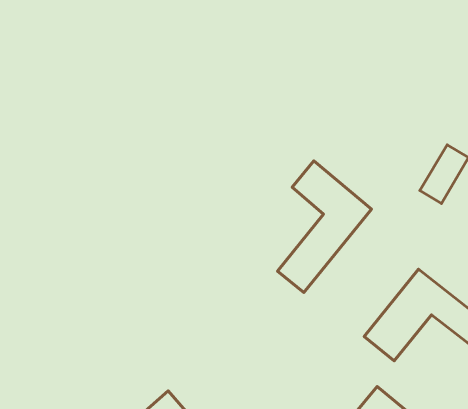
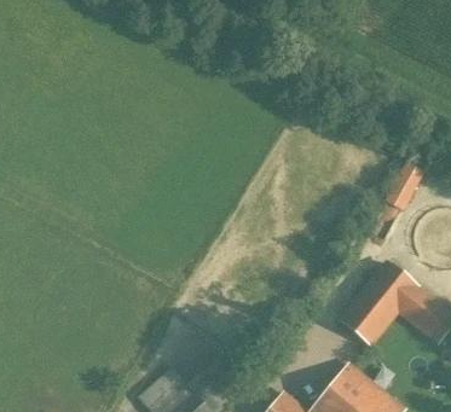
building: [277,161,371,293] -> none

